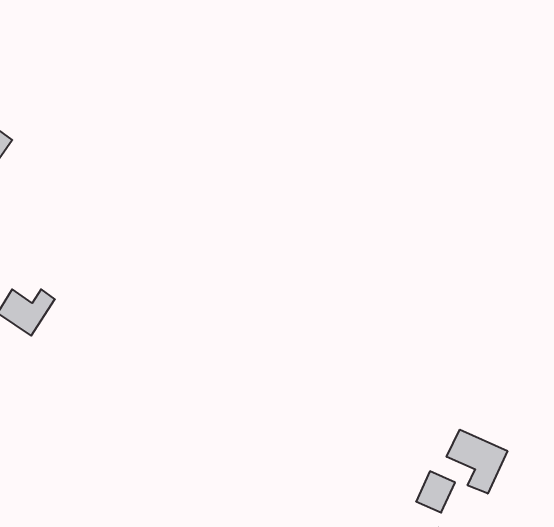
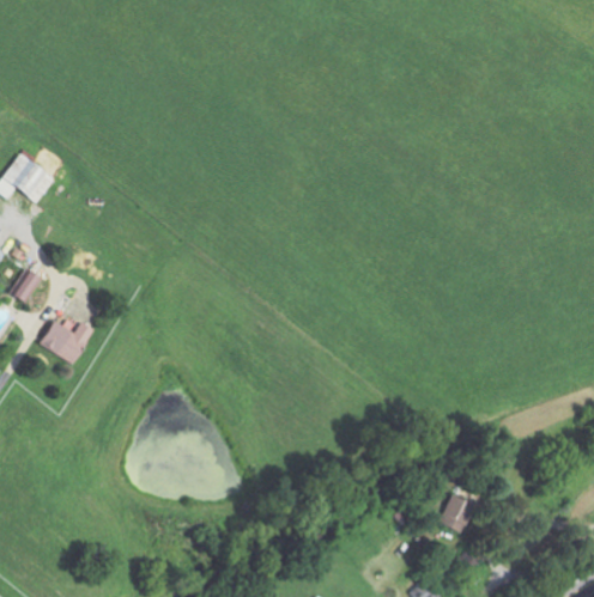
building: [447,430,507,494] -> none

